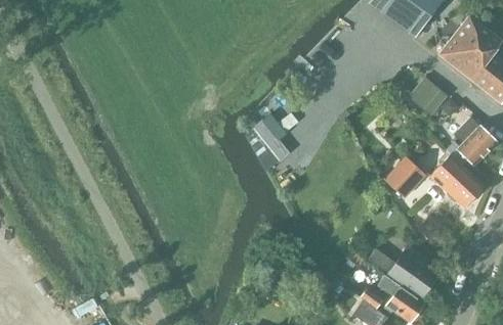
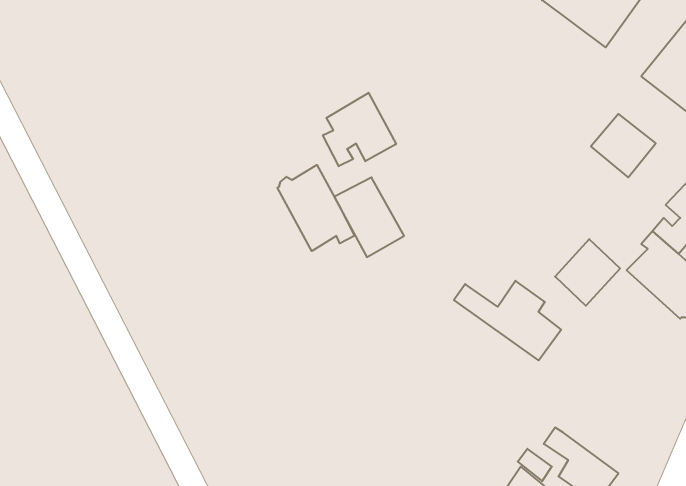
building: none -> [323,93,396,166]
building: none -> [277,165,355,251]
building: [368,246,435,296] -> [454,281,561,360]

